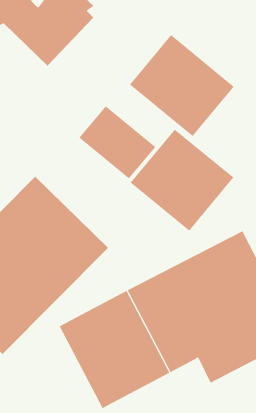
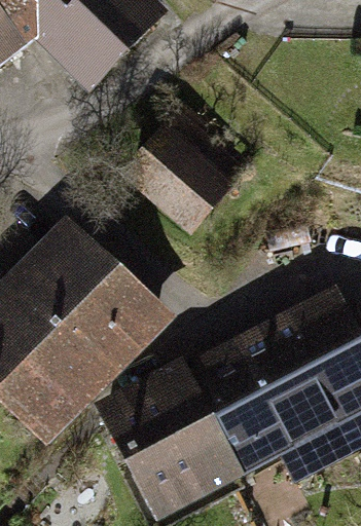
building: [129,34,235,137] -> none
building: [130,129,234,231] -> none

